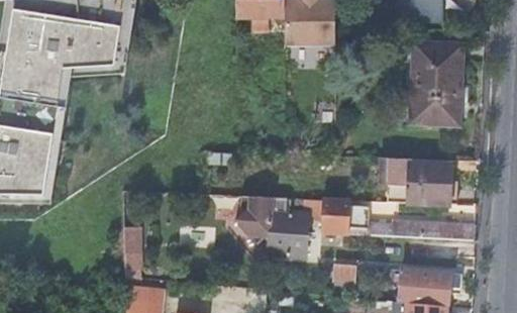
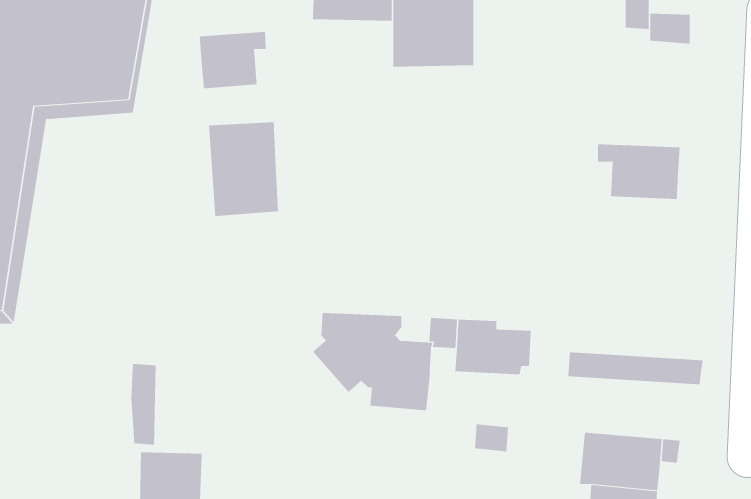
building: none -> [199,31,266,89]
building: [409,41,463,94] -> none
building: none -> [209,122,278,217]
building: [383,158,448,205] -> none

